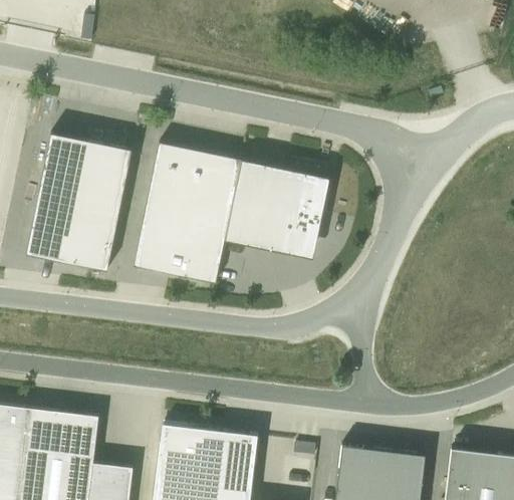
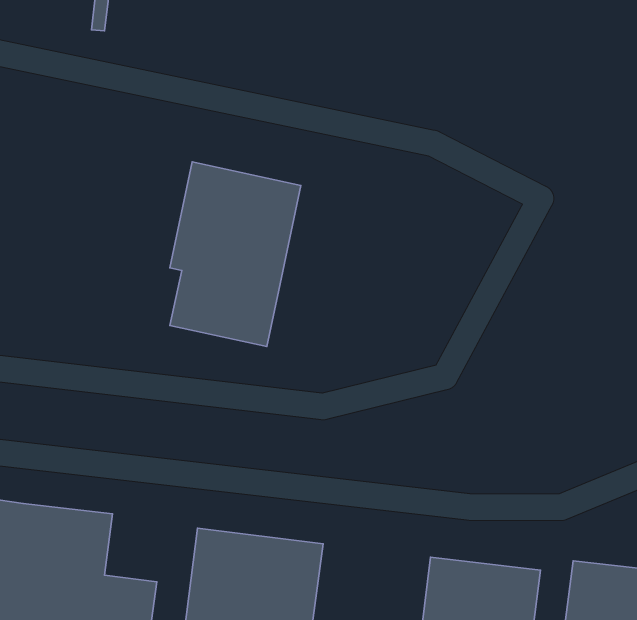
building: [25,134,132,272] -> none
building: [224,161,329,255] -> none

